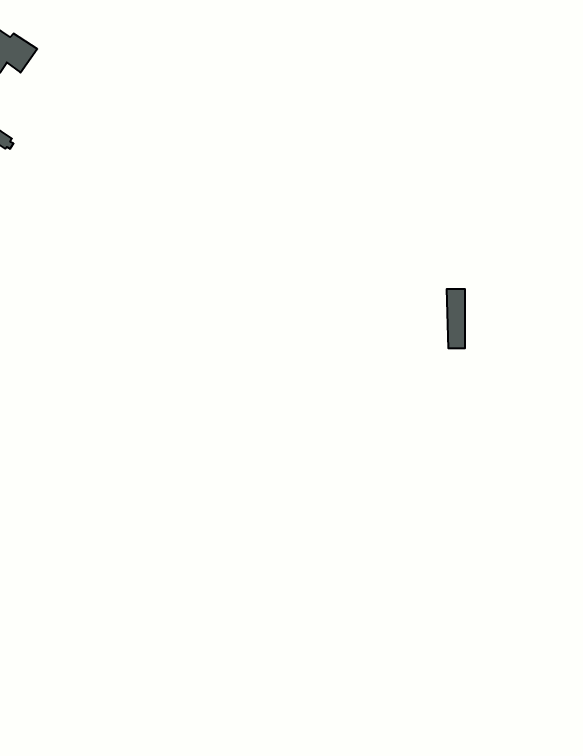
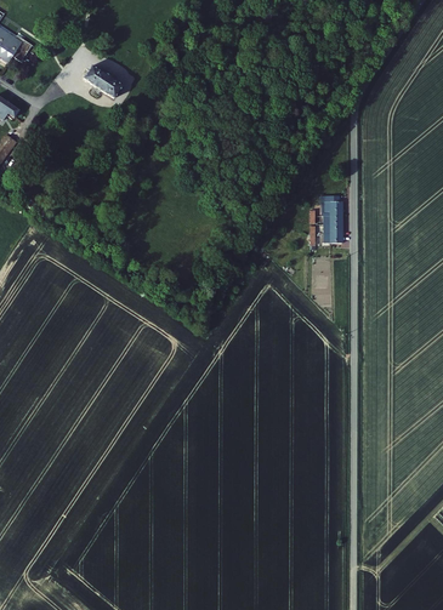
building: none -> [81,65,119,97]

